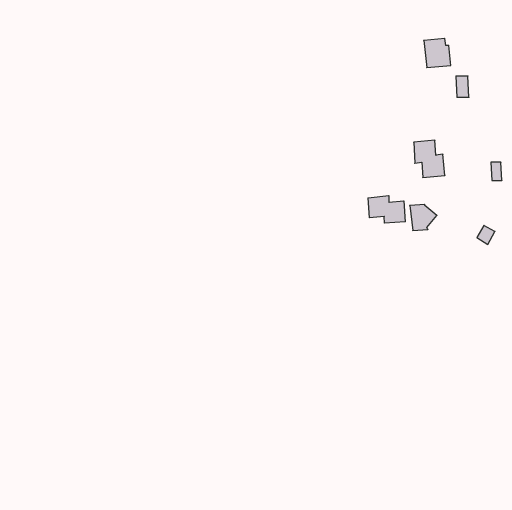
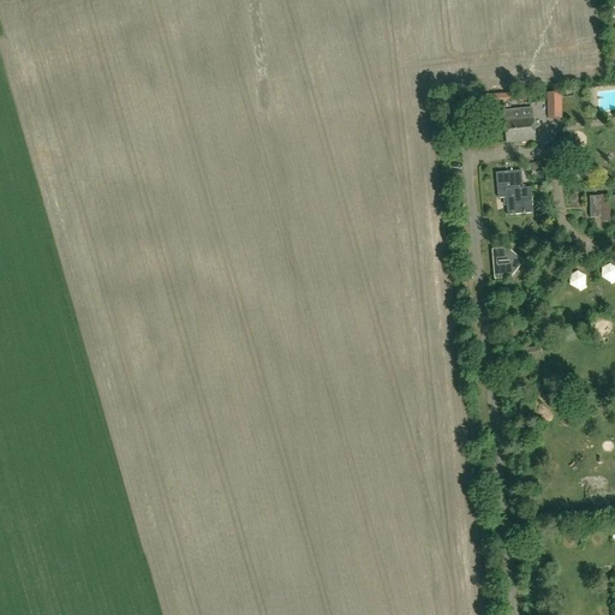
building: [424,38,451,68] -> [503,106,536,141]
building: [368,196,405,223] -> none

